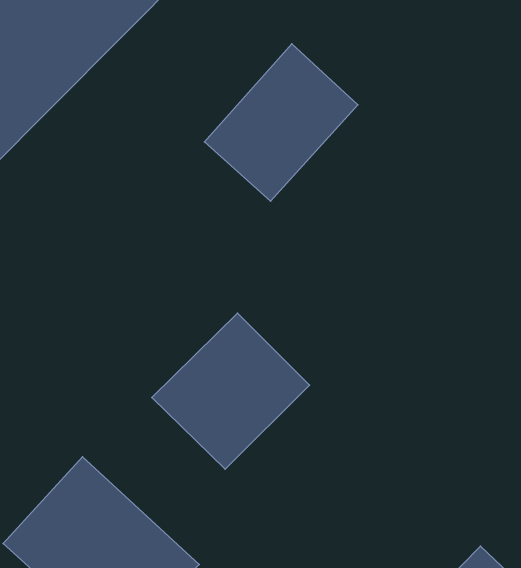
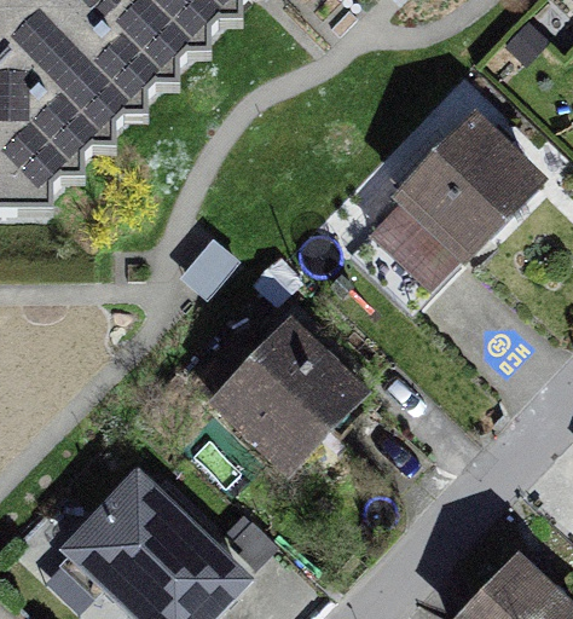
building: [205,44,358,201] -> none
building: none -> [388,112,544,268]

